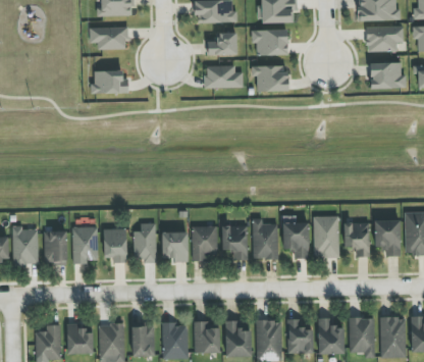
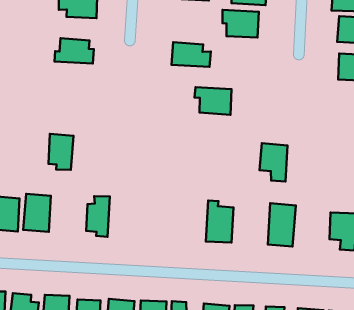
building: [207,32,236,54] -> none
building: [251,65,287,91] -> [195,87,232,115]
building: [282,222,309,258] -> [260,143,288,182]
building: [343,222,369,257] -> none
building: [192,225,217,260] -> none
building: [221,225,248,260] -> none
building: [103,228,126,263] -> [48,134,73,170]
building: [161,231,188,262] -> none

